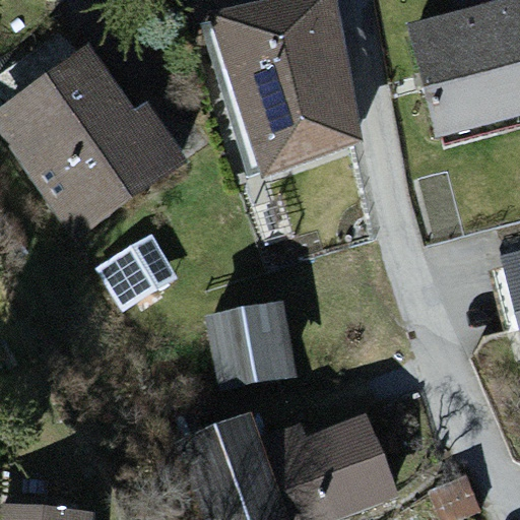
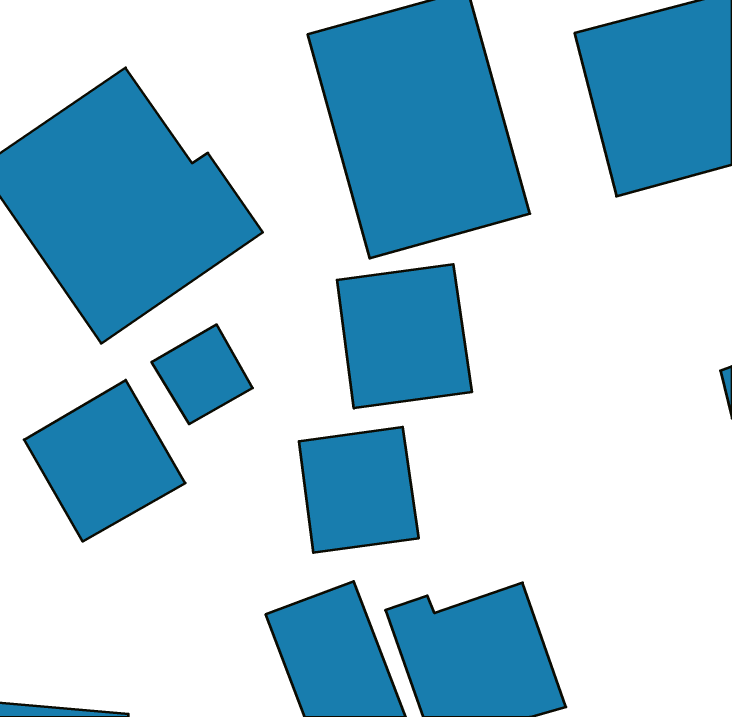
building: none -> [337,264,472,408]
building: none -> [24,380,185,541]

